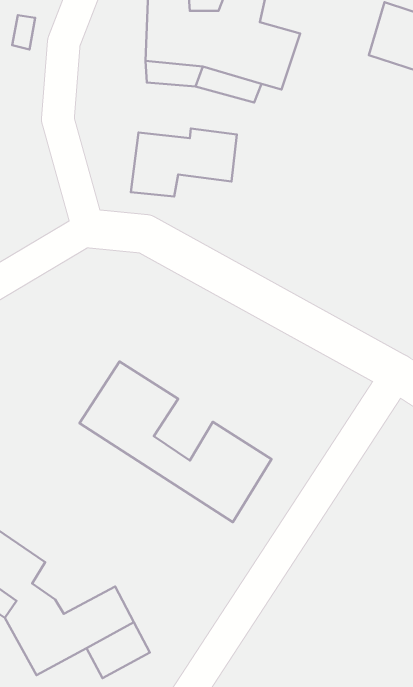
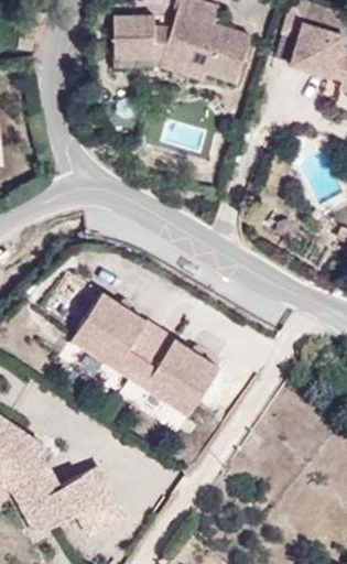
building: [131,128,237,196] -> none
building: none -> [128,319,173,367]

